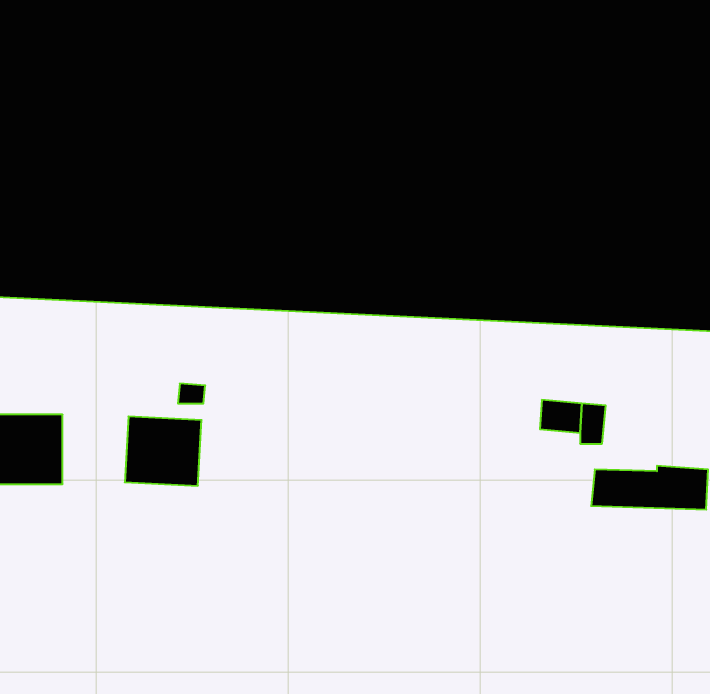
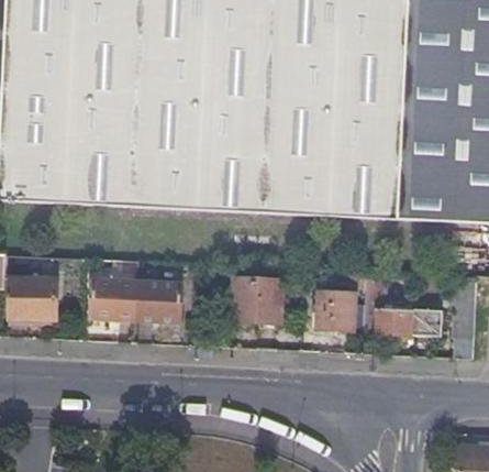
building: none -> [233,275,282,318]
building: none -> [136,278,182,320]
building: none -> [320,290,355,326]

